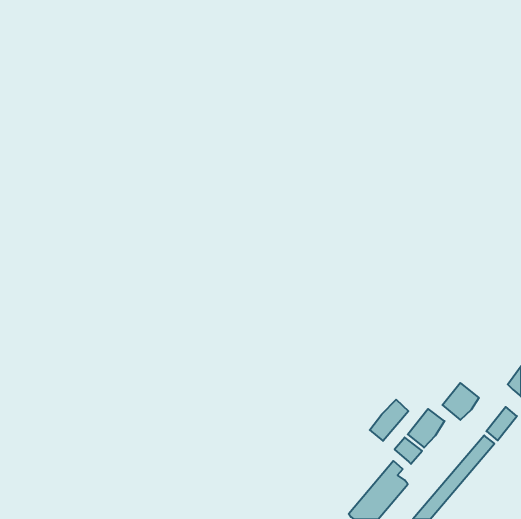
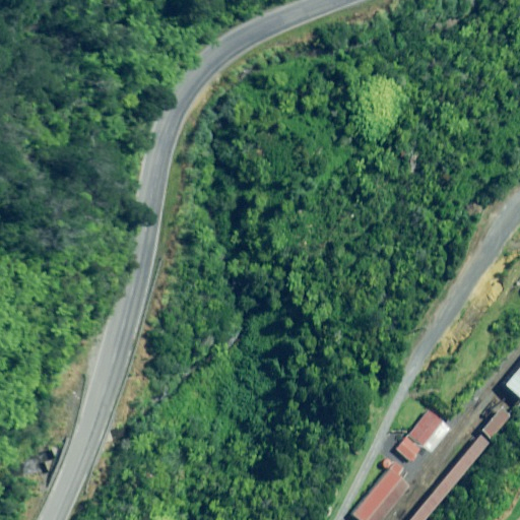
building: [442,383,479,420] -> none
building: [370,400,408,441] -> none

